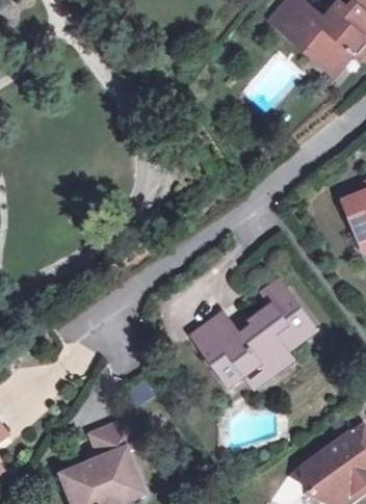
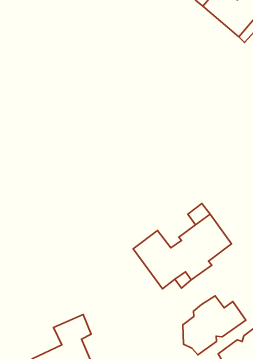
building: none -> [183,296,246,355]

